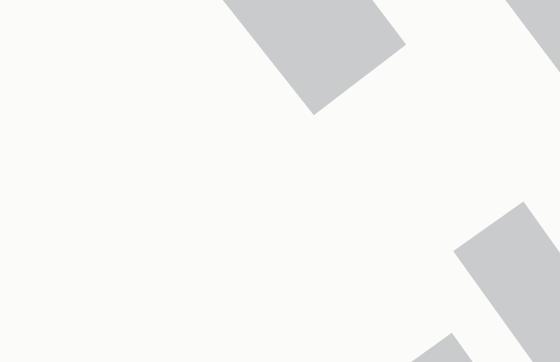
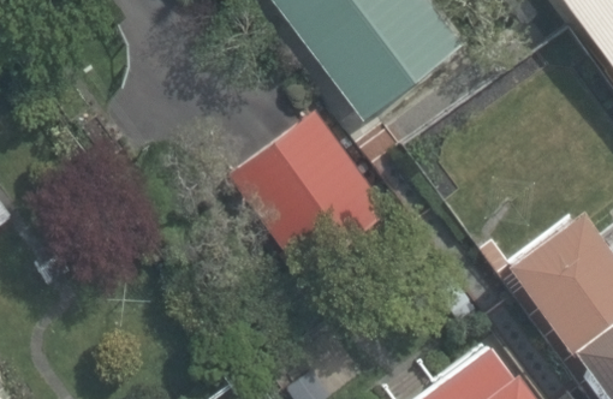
building: none -> [238,111,375,244]

